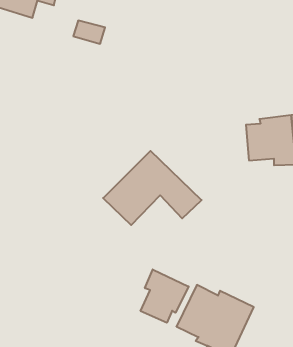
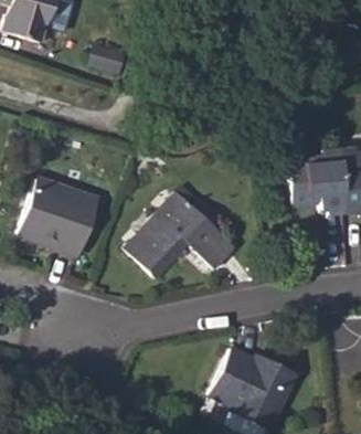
building: none -> [20,180,99,256]
building: [141,269,189,323] -> none

